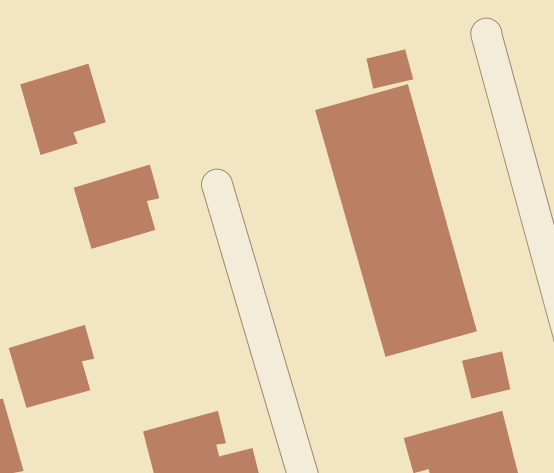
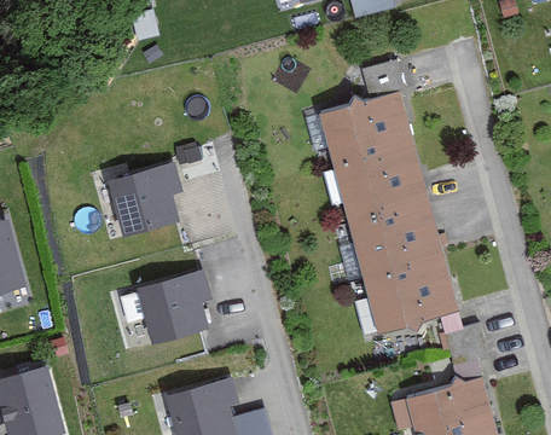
building: [19,63,107,156] -> none
building: [8,324,95,409] -> [135,269,211,343]

